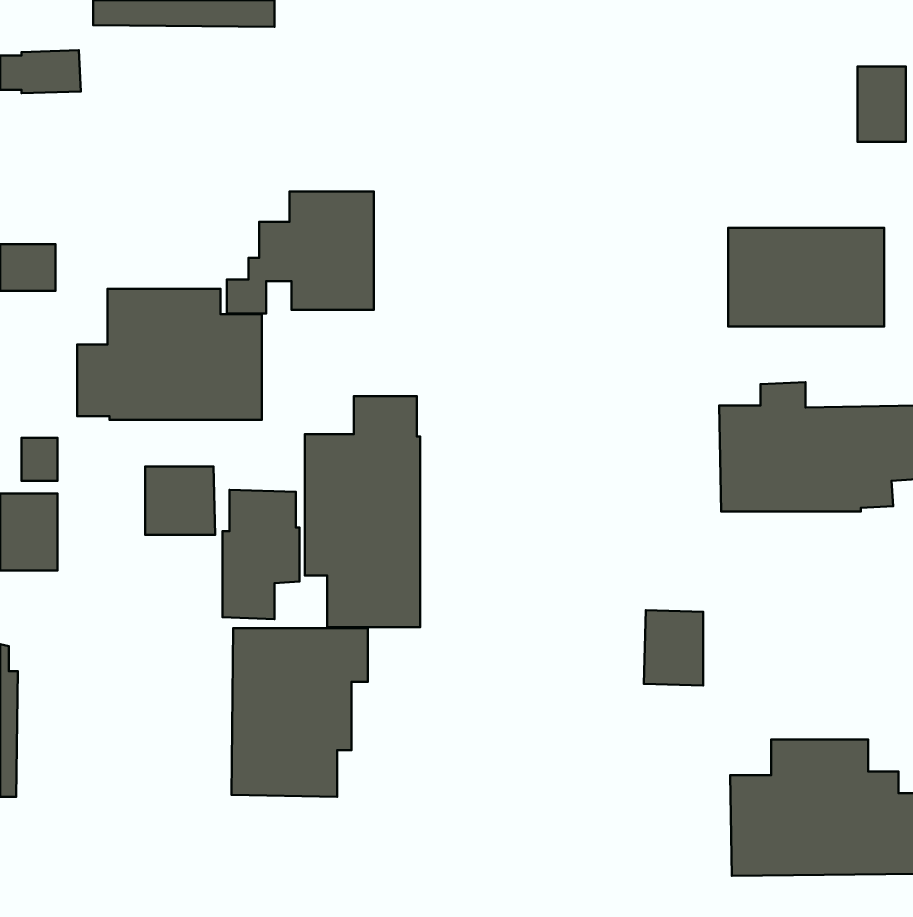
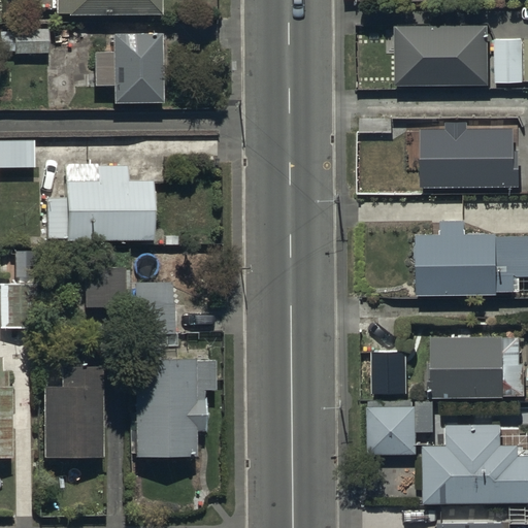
building: none -> [397,25,487,85]
building: [227,191,374,314] -> [76,35,161,105]
building: [305,396,420,627] -> none
building: none -> [430,336,523,396]
building: none -> [42,360,101,458]
building: none -> [367,400,433,454]

